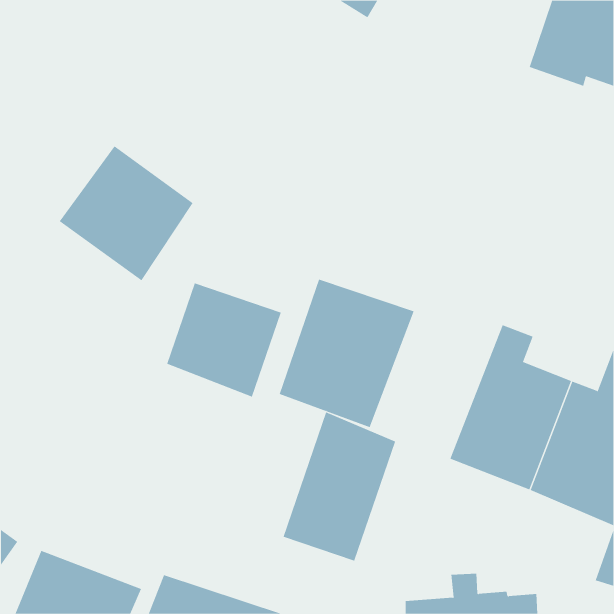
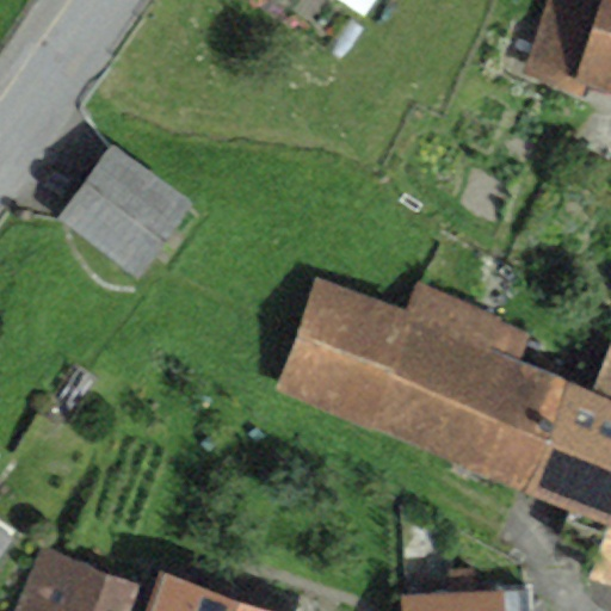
building: [167,282,282,397] -> none
building: none -> [368,286,500,456]
building: [283,411,396,562] -> none

